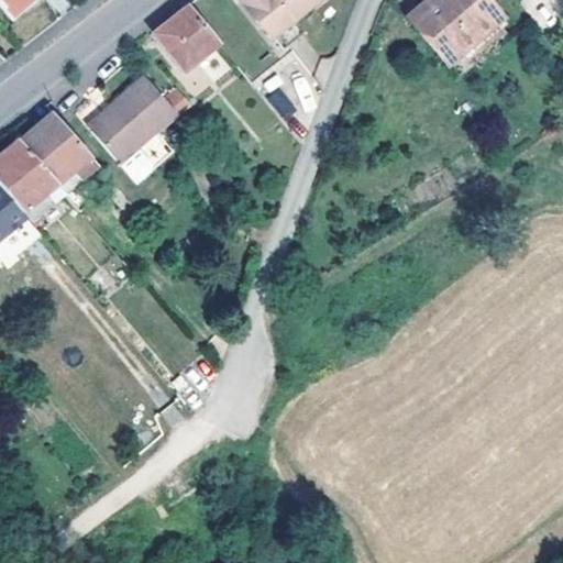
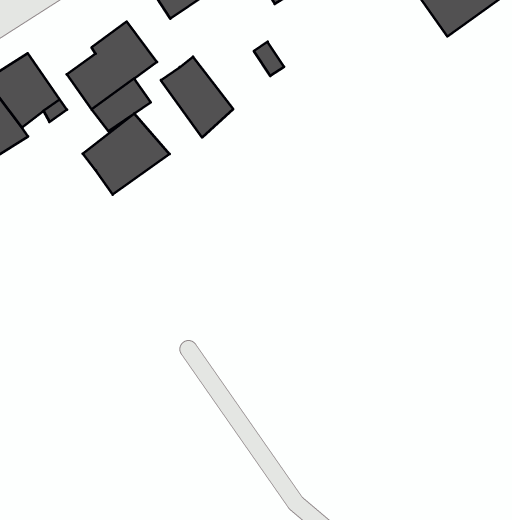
building: none -> [161,57,233,137]
building: none -> [83,113,170,195]

